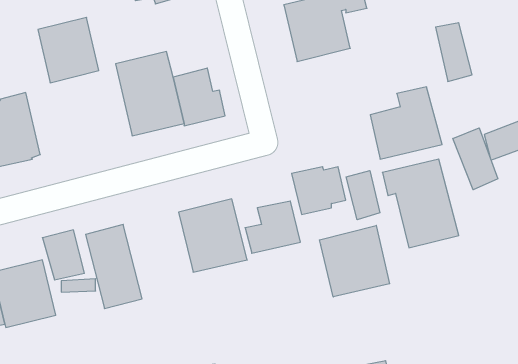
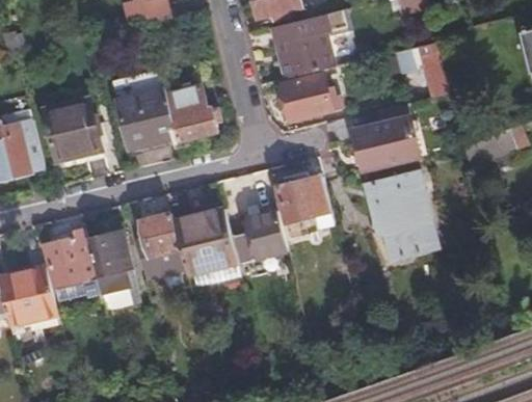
building: [38,17,99,83] -> [46,102,103,163]
building: none -> [278,73,339,119]
building: [453,128,498,190] -> none
building: [346,171,380,220] -> none
building: none -> [135,212,186,279]
building: [319,225,390,297] -> none

